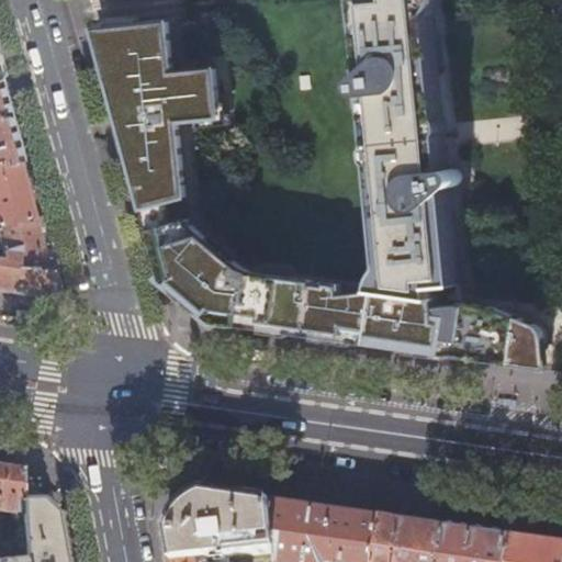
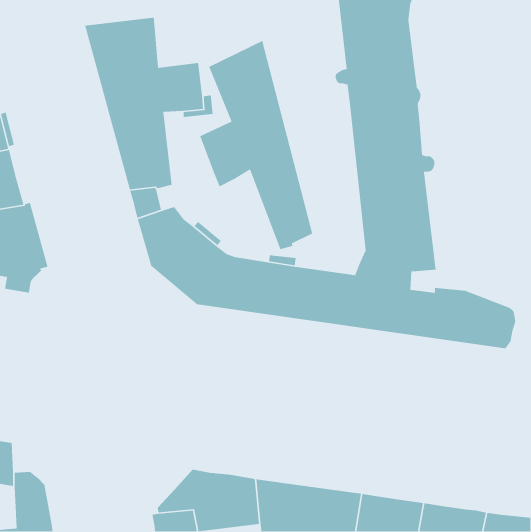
building: none -> [199,40,313,250]

